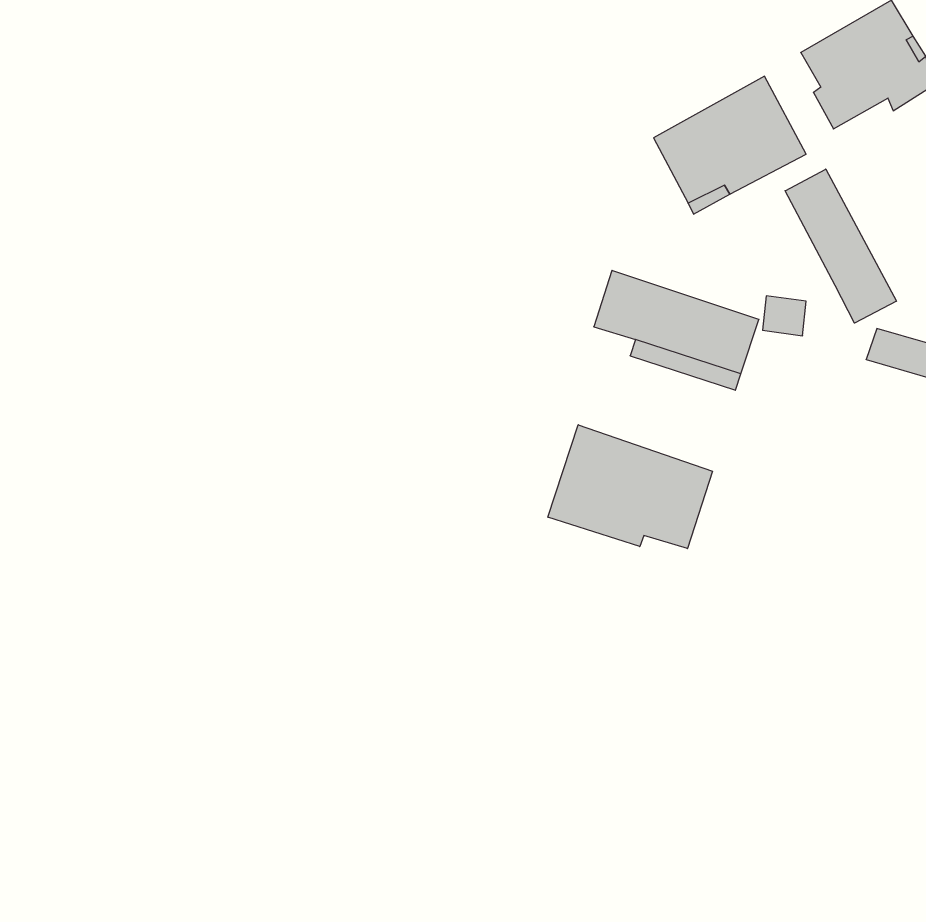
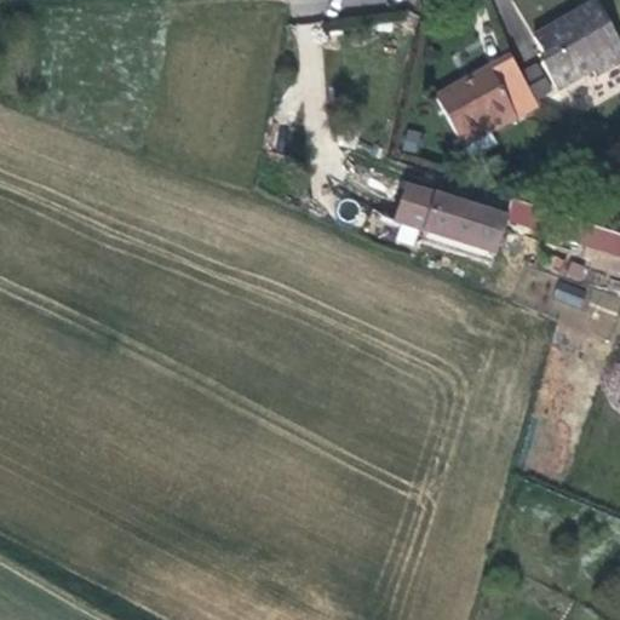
building: [785,169,896,323] -> none
building: [548,425,712,549] -> none

